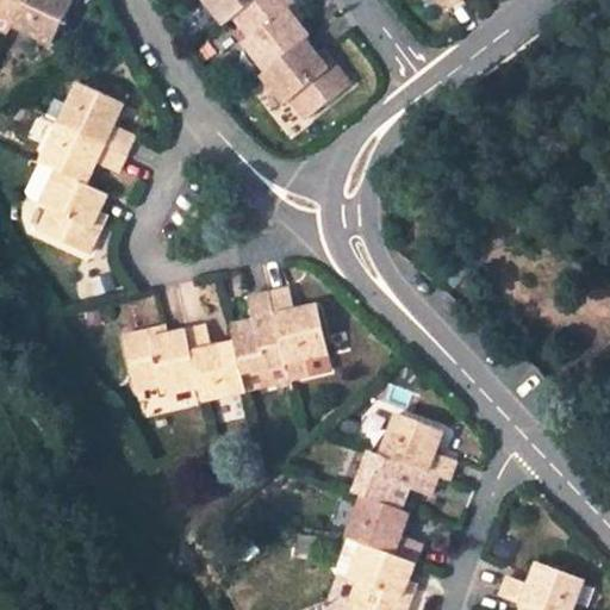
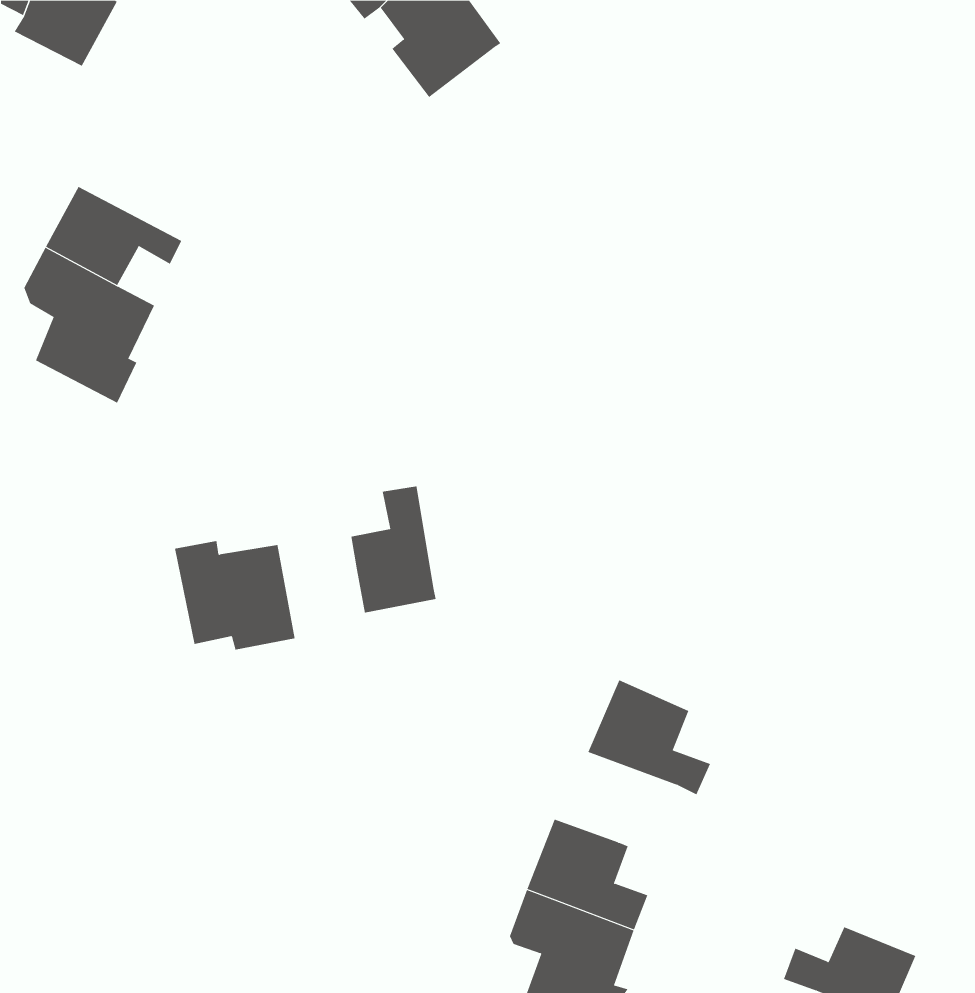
building: [270,33,362,113] -> none
building: [63,77,136,151] -> none
building: [269,298,326,369] -> none
building: [185,331,241,406] -> none
building: [344,458,428,517] -> none

